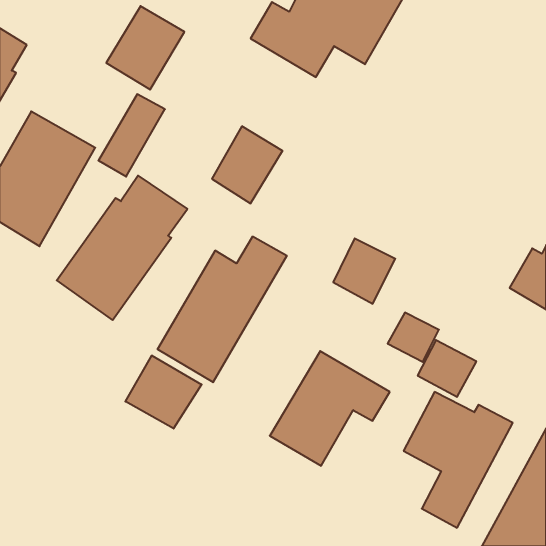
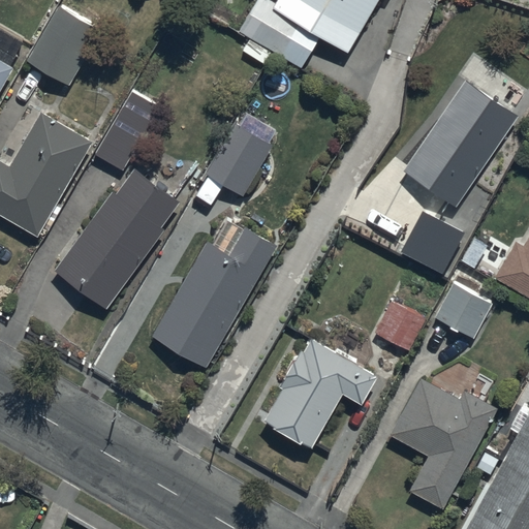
building: [106,6,184,90] -> [27,5,102,86]
building: none -> [401,81,518,209]
building: [333,238,395,304] -> [402,212,462,275]
building: [418,340,476,397] -> [434,283,491,338]
building: [125,355,202,429] -> none

